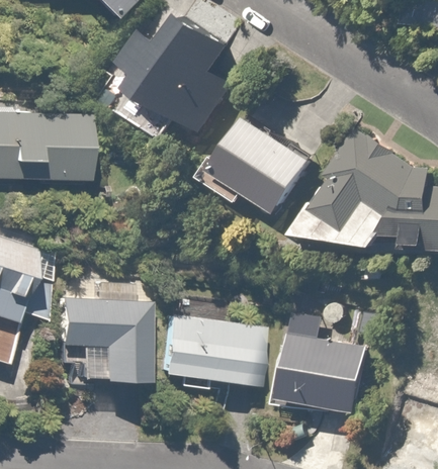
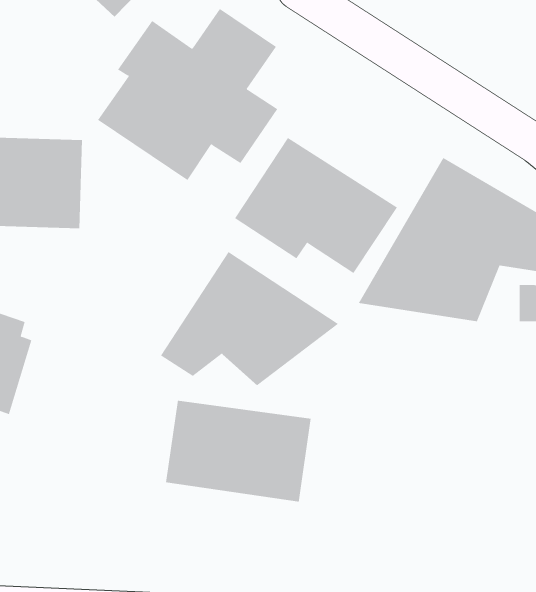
building: none -> [160,251,339,386]
building: [52,282,141,382] -> none
building: [272,331,370,410] -> none

